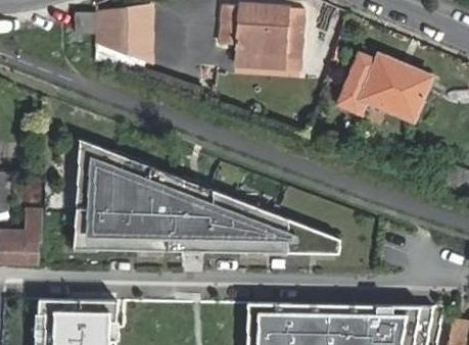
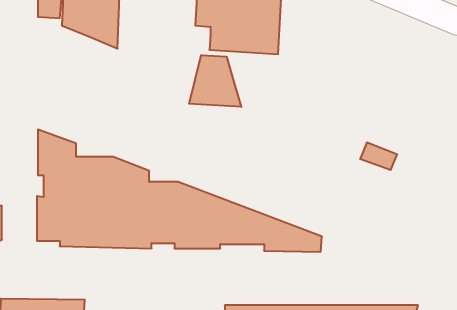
building: [333,52,431,121] -> none
building: none -> [189,55,241,107]

